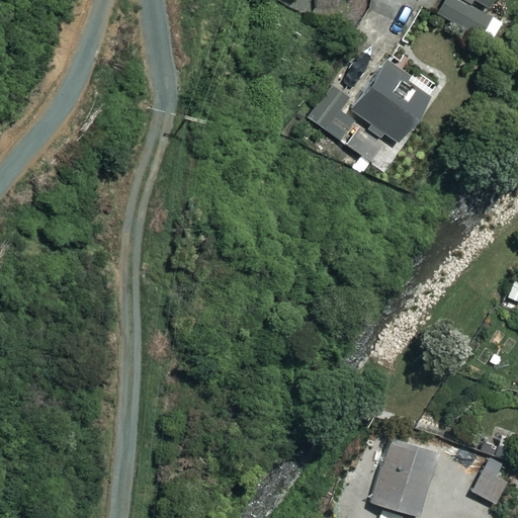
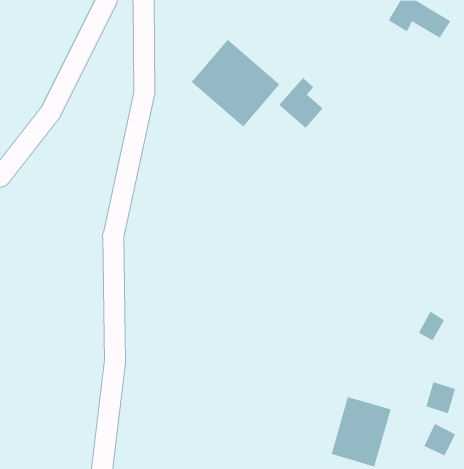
building: none -> [191,39,280,127]
building: [349,61,431,165] -> none

